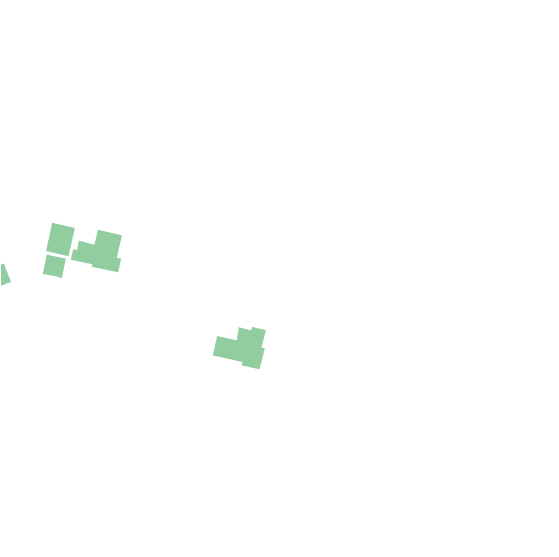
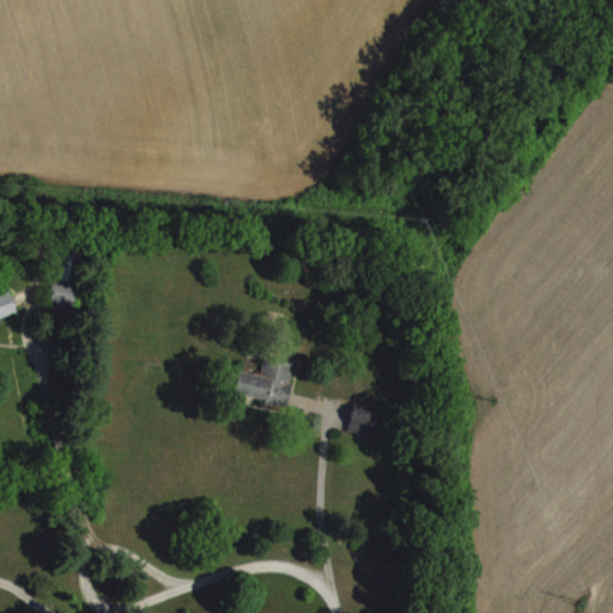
building: [70,229,123,273] -> none
building: none -> [347,403,378,437]

